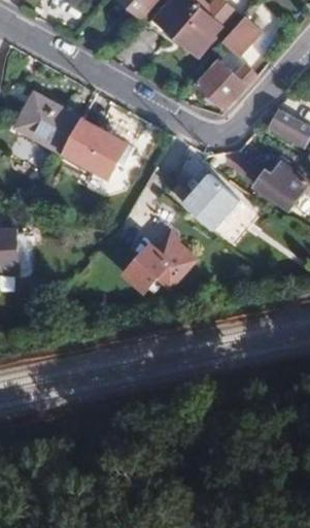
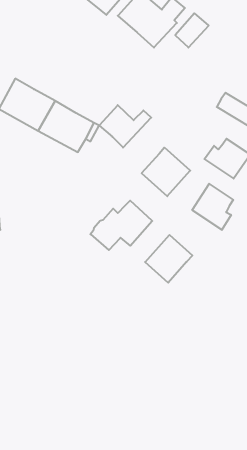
building: [195,60,255,109] -> [99,105,151,148]
building: none -> [192,184,233,230]
building: none -> [145,235,192,283]

